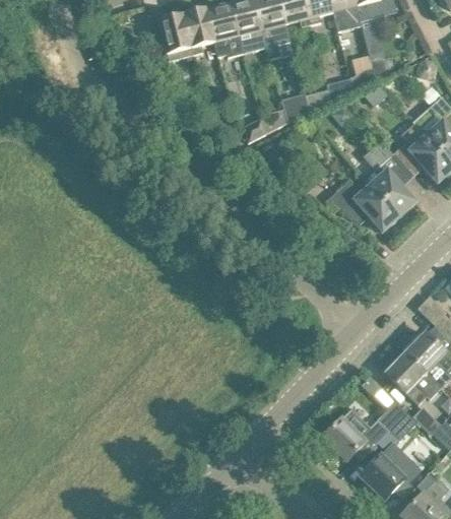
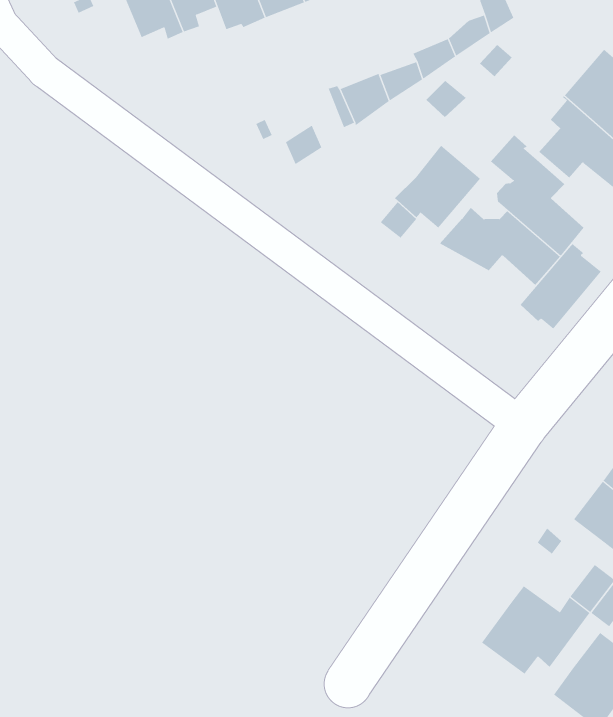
building: none -> [394,145,481,228]
building: none -> [520,243,603,329]

